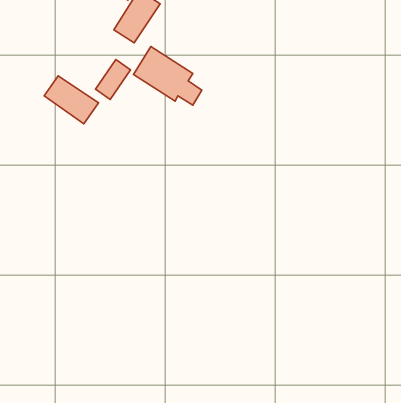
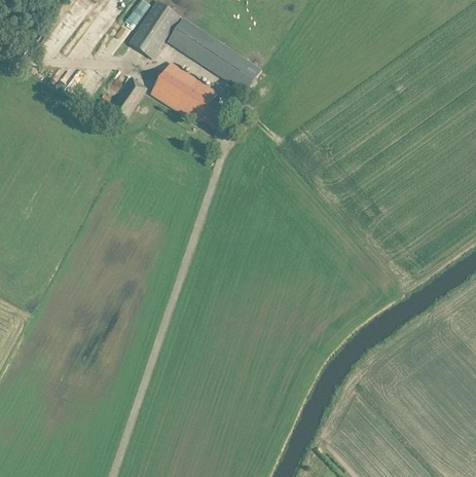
building: none -> [166,16,260,93]
building: [44,76,98,124] -> none

